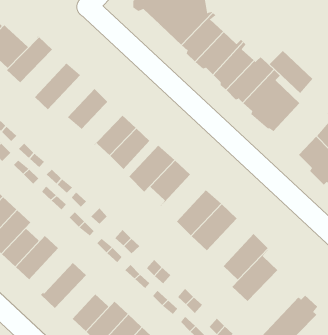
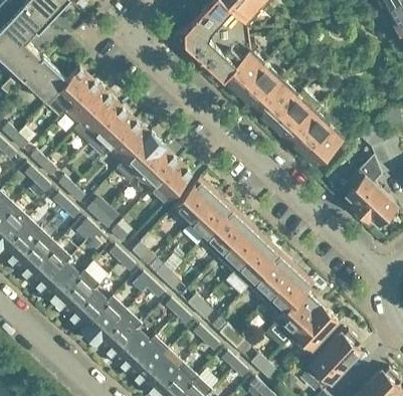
building: none -> [60,82,108,131]
building: [269,50,313,94] -> none
building: none -> [88,109,136,157]
building: none -> [117,133,166,183]
building: none -> [202,209,248,256]
building: none -> [249,253,296,302]
building: none -> [69,283,114,329]
building: none -> [290,306,338,354]
building: none -> [95,311,142,355]

